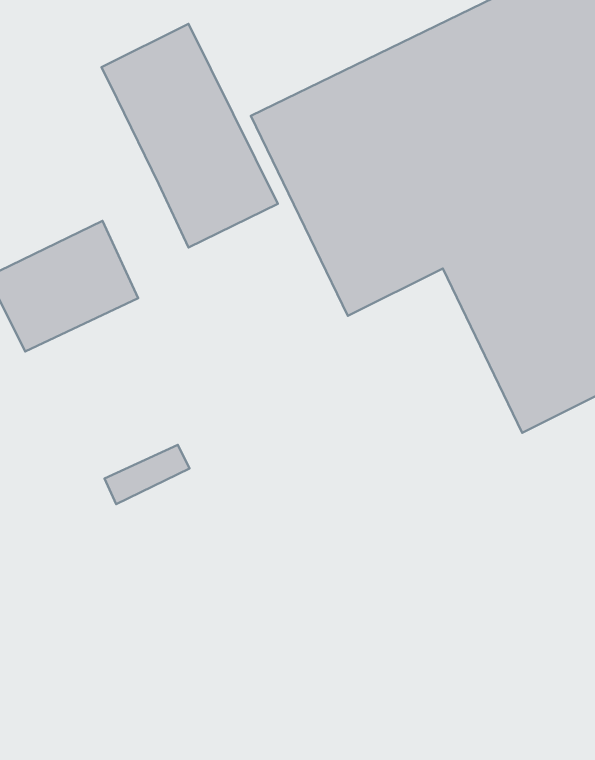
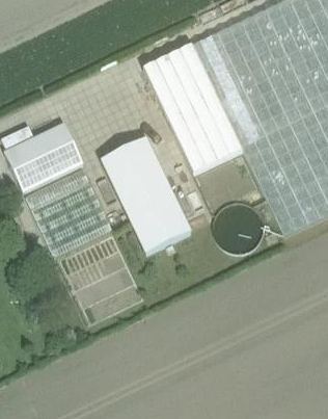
building: [101,24,278,248] -> [101,138,193,256]
building: none -> [27,169,113,257]

